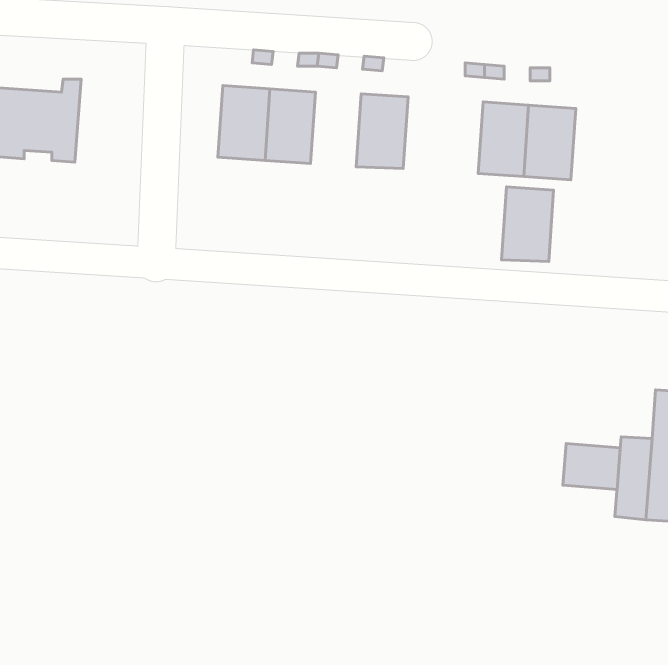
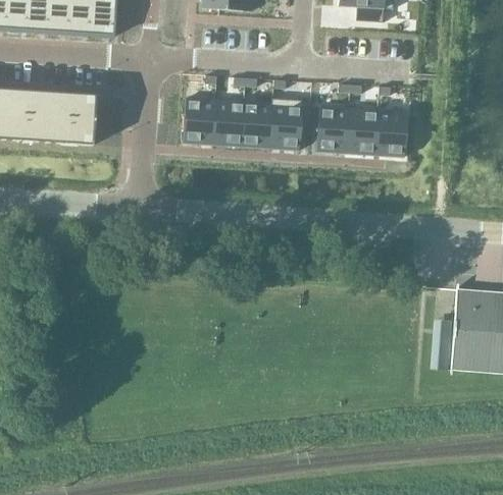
building: none -> [241,101,272,148]
building: [502,187,554,262] -> [316,105,349,152]
building: [563,444,620,489] -> none

